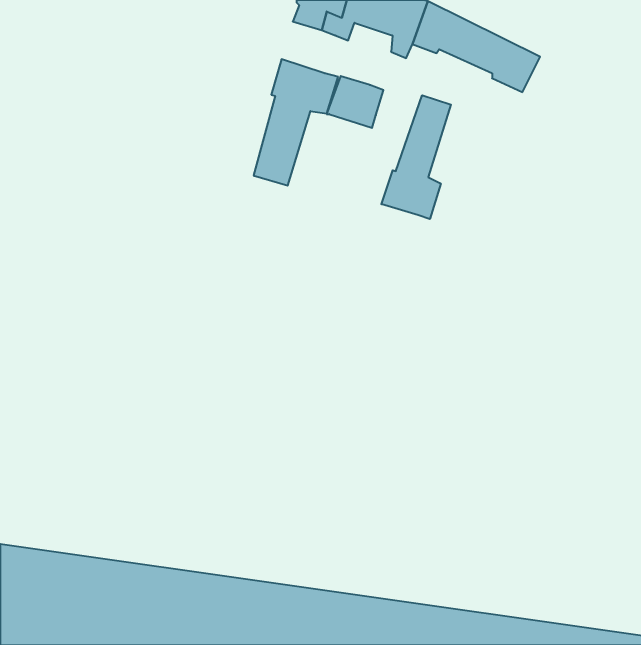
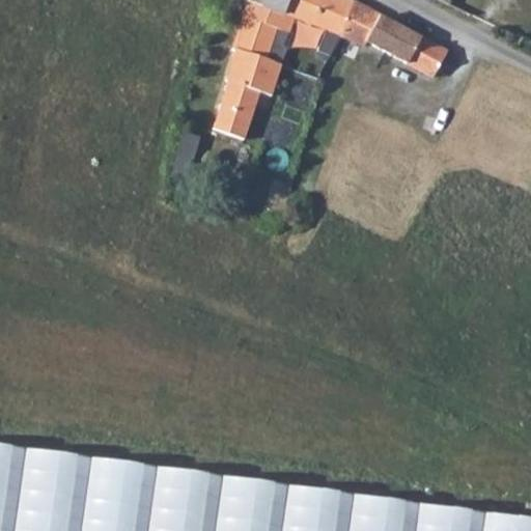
building: [327,76,383,128] -> [232,18,279,60]
building: [381,95,451,219] -> none

